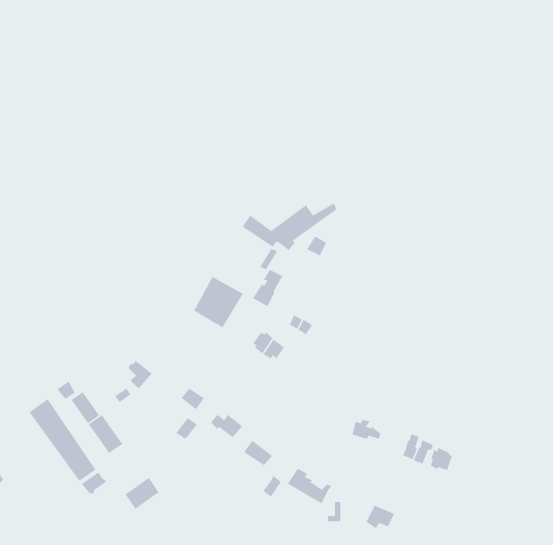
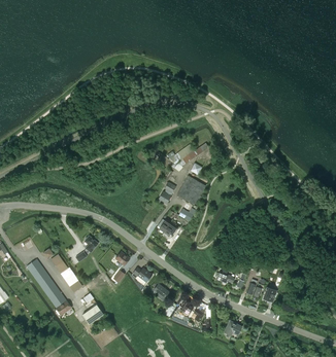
building: [193,276,244,328] -> [176,175,206,206]

